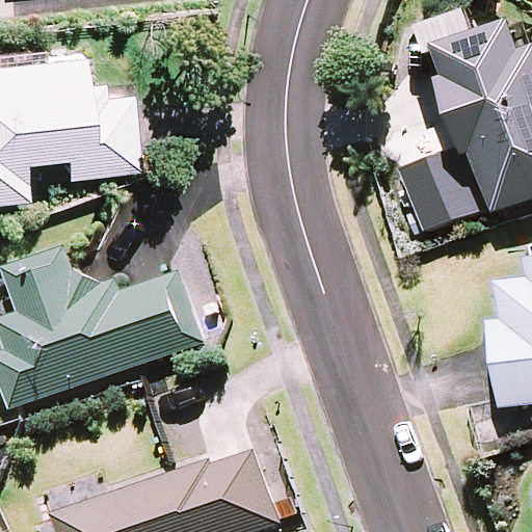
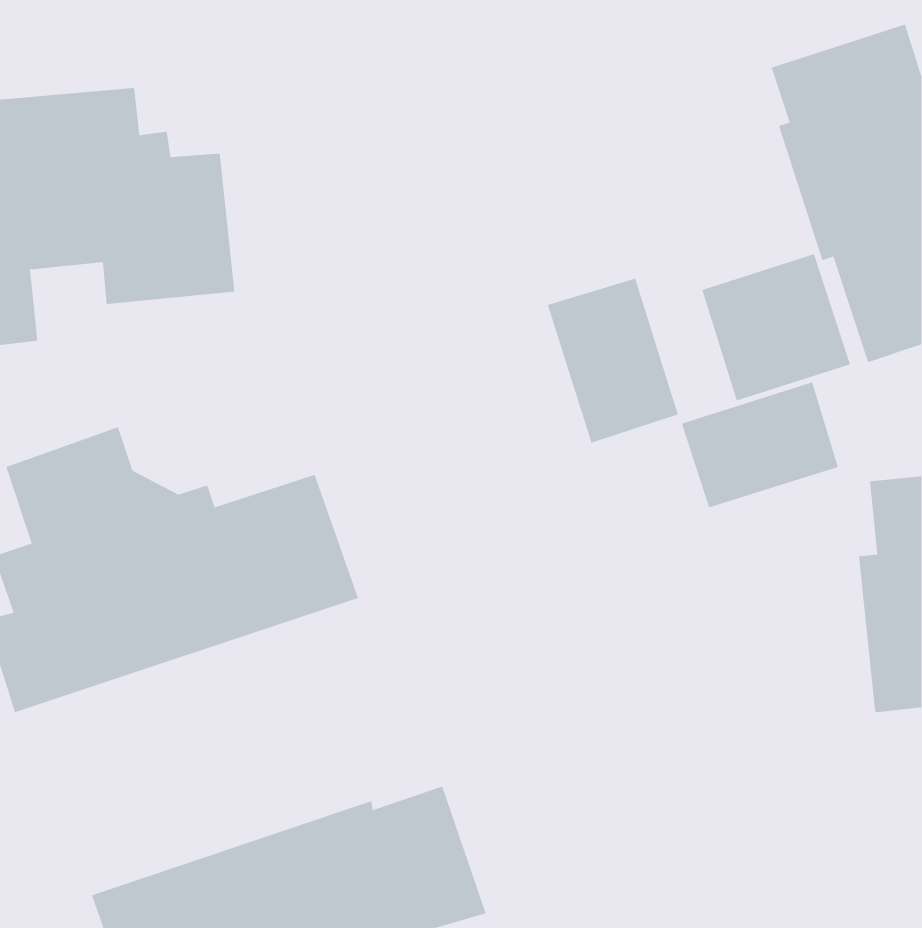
building: none -> [547,278,678,443]
building: none -> [681,382,838,508]

